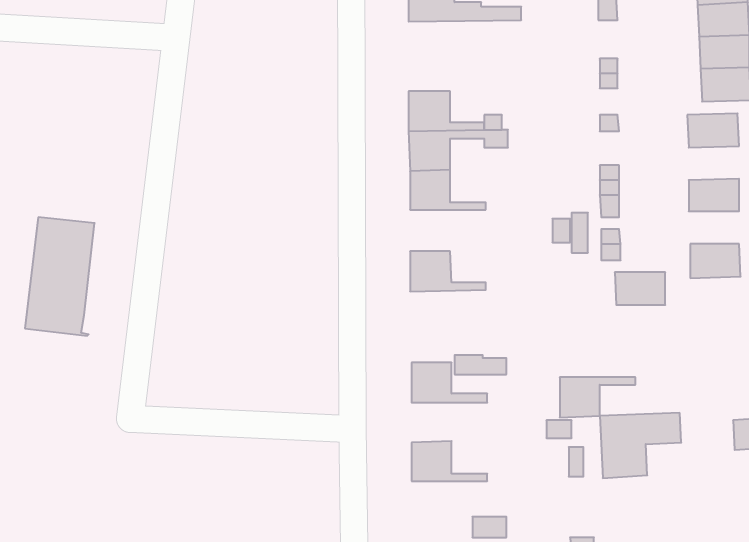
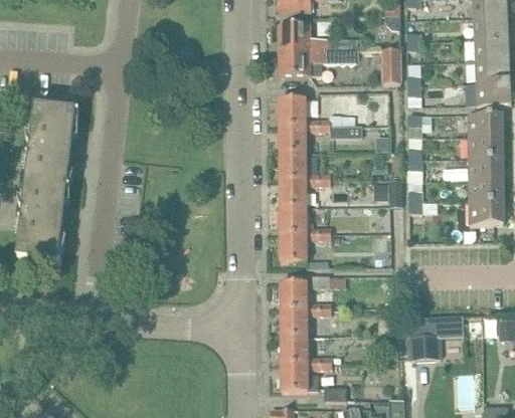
building: none -> [381,48,397,79]
building: none -> [278,50,354,77]
building: none -> [26,109,77,188]
building: none -> [468,136,502,159]
building: none -> [279,179,330,207]
building: [615,272,665,305] -> [468,180,502,202]
building: none -> [279,233,330,262]
building: [560,377,635,417] -> [280,309,331,337]
building: none -> [280,363,331,392]

